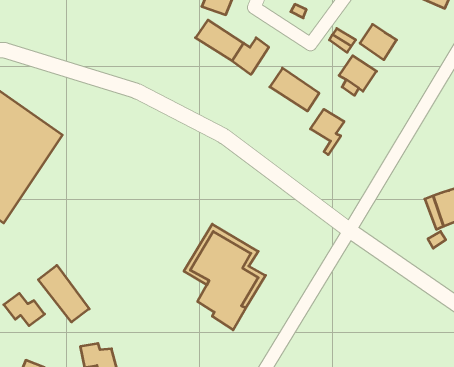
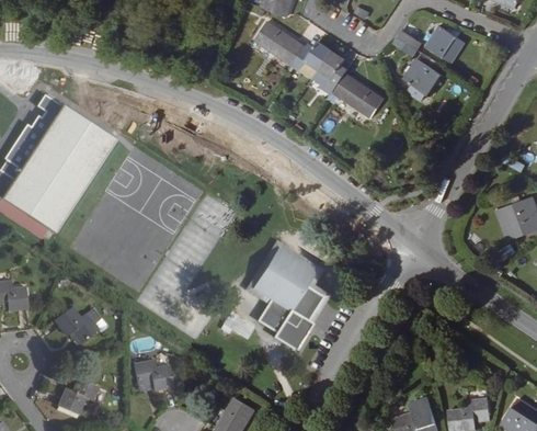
building: none -> [313,50,347,92]
building: [310,109,344,155] -> none
building: [38,265,89,322] -> none

